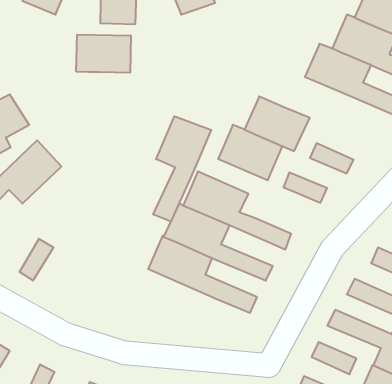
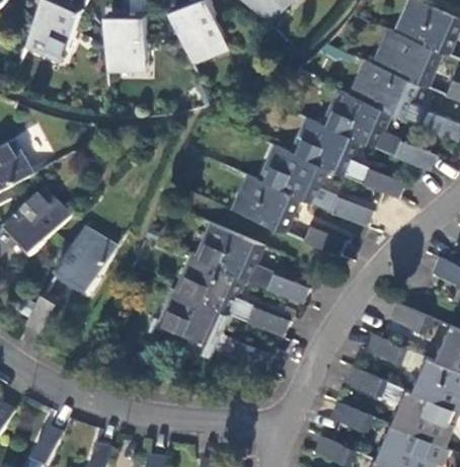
building: [76,35,131,73] -> none
building: none -> [290,118,403,198]
building: [153,116,211,221] -> none
building: none -> [54,229,113,297]

